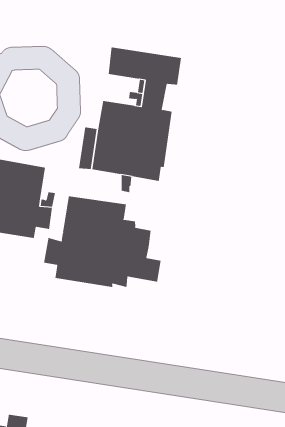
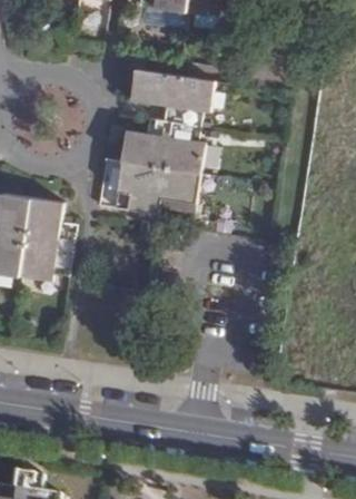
building: [43,196,161,288] -> none

